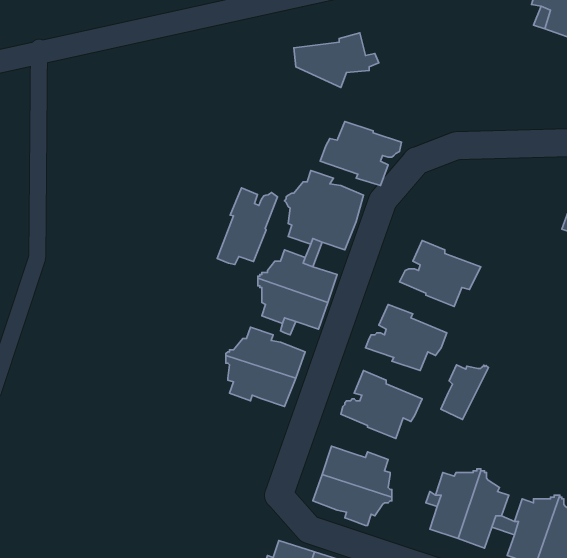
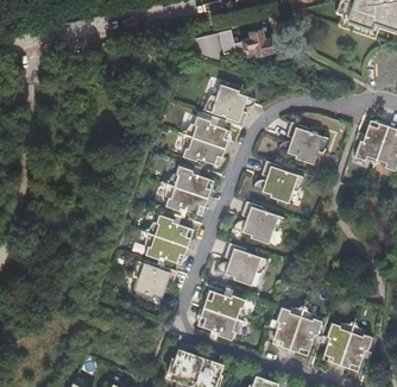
building: none -> [240,29,275,56]
building: none -> [278,121,329,163]
building: [217,188,278,265] -> none
building: [441,365,488,419] -> none
building: none -> [133,260,177,300]

